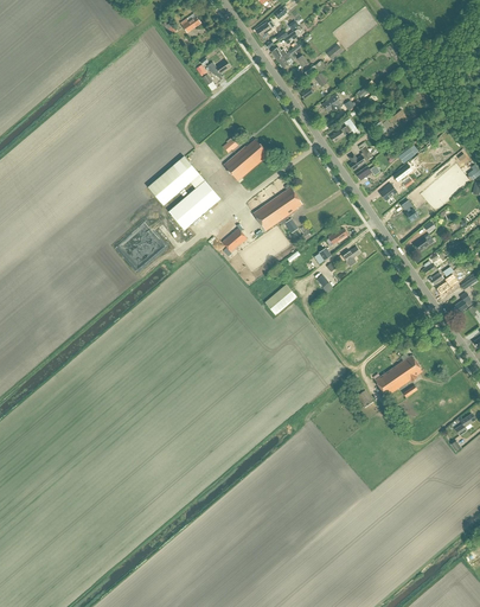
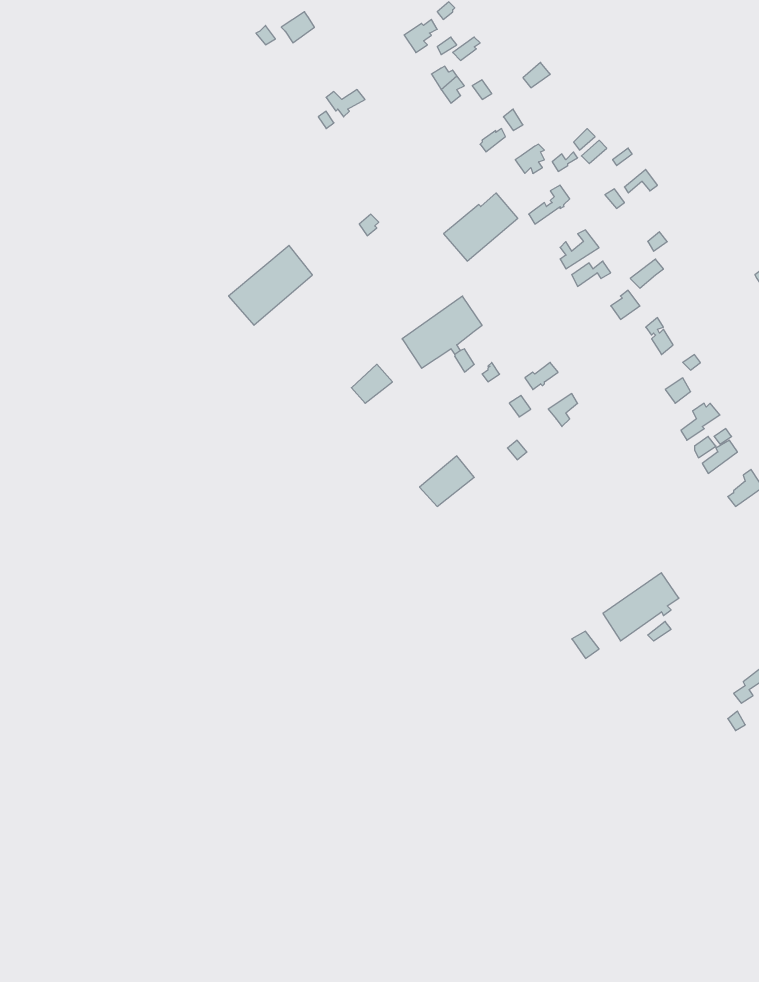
building: [224,139,269,180] -> [444,193,518,261]
building: [168,180,220,229] -> none

